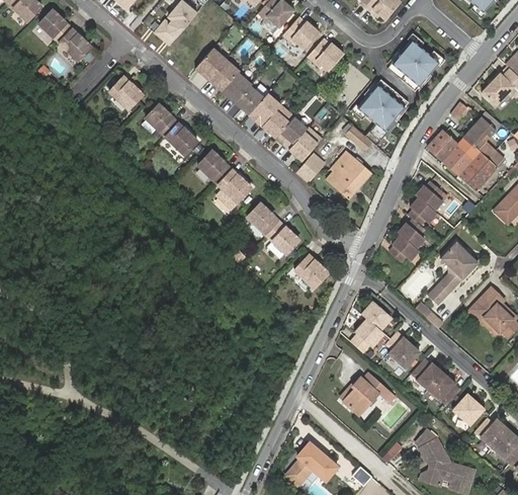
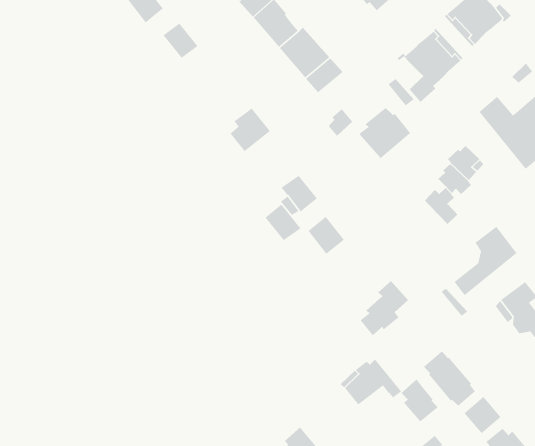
building: [165,123,197,156] -> none
building: [287,128,321,162] -> none
building: [198,151,232,184] -> none
building: [247,203,280,236] -> [264,203,302,241]
building: [390,234,418,260] -> none
building: [385,331,420,368] -> [401,379,439,422]

